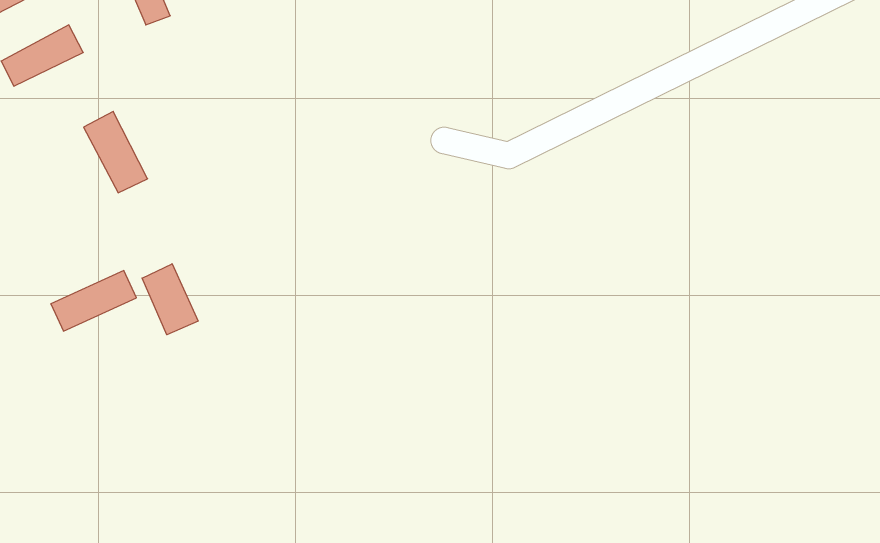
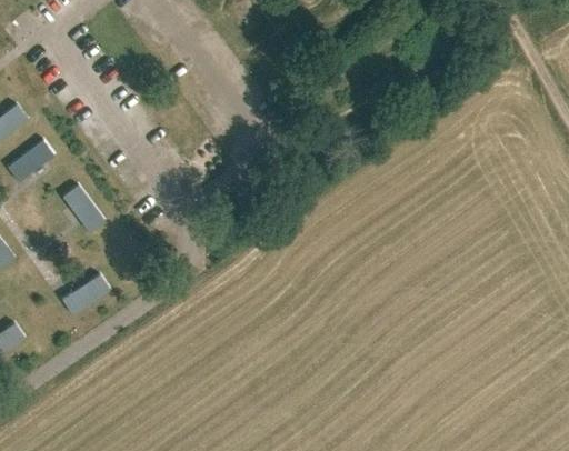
building: [142,264,198,335] -> none

